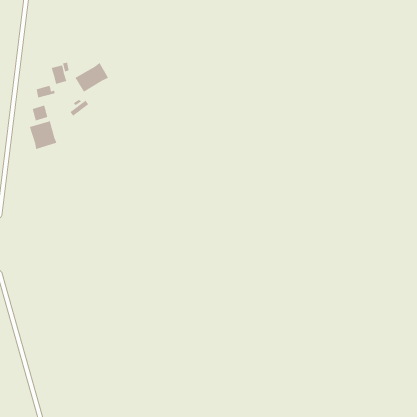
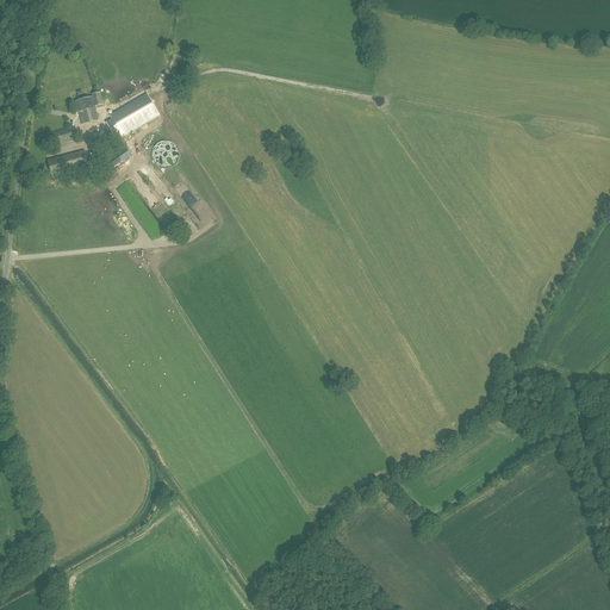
building: [29,120,57,150] -> none

